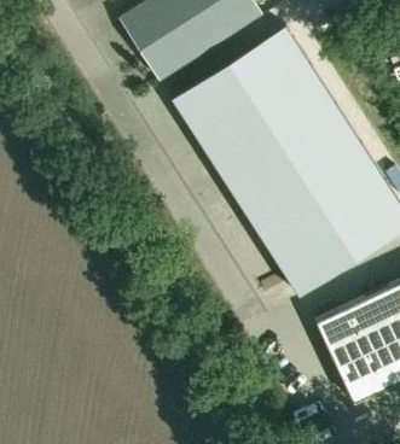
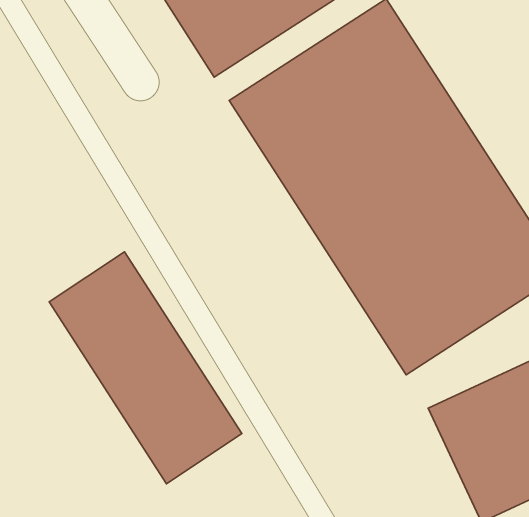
building: none -> [49,252,242,484]

